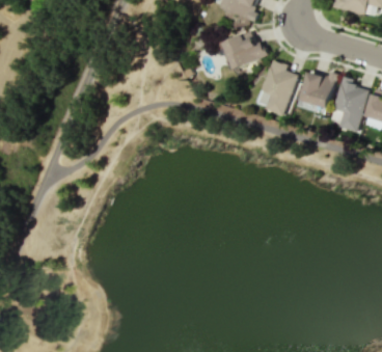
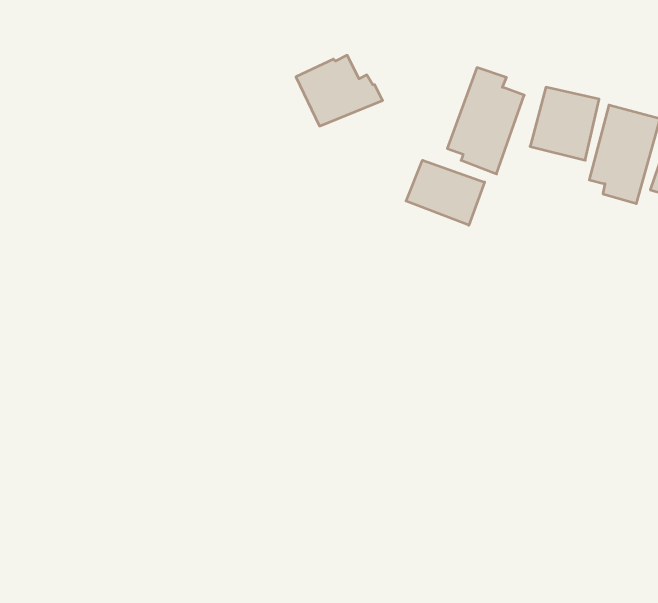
building: [223,29,269,66] -> [296,55,383,126]
building: none -> [406,160,485,225]

